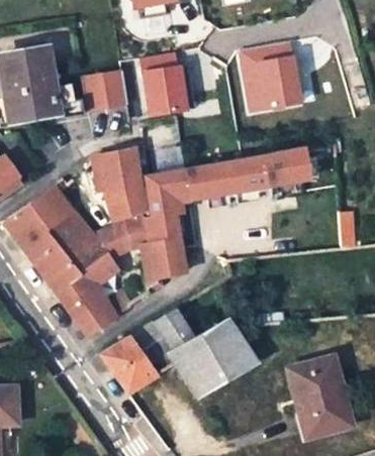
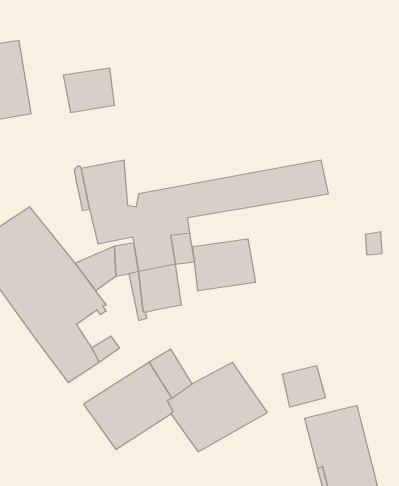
building: [240,42,303,113] -> none
building: [142,54,189,117] -> none
building: none -> [193,239,256,291]
building: none -> [282,366,325,407]

